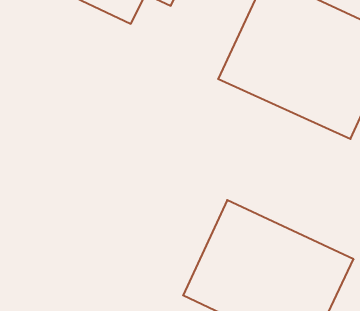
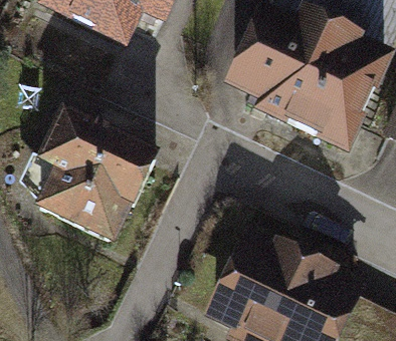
building: none -> [60,114,186,236]

